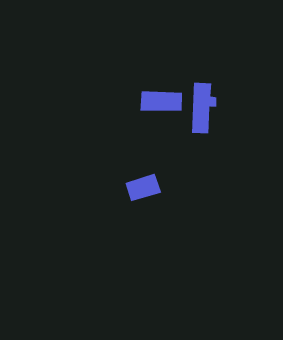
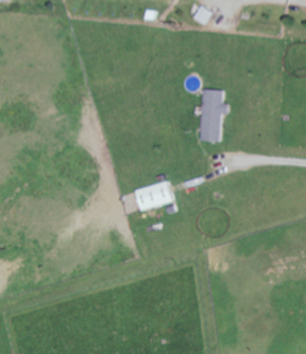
building: [140,90,183,112] -> none

